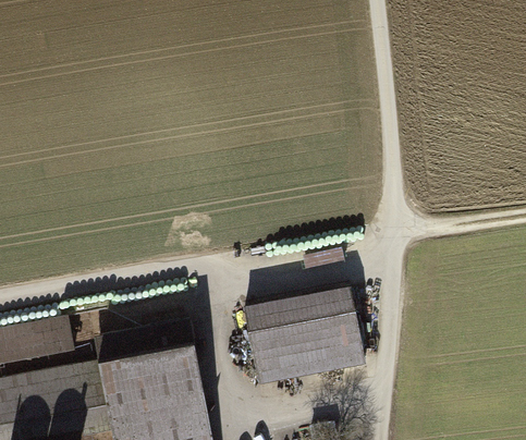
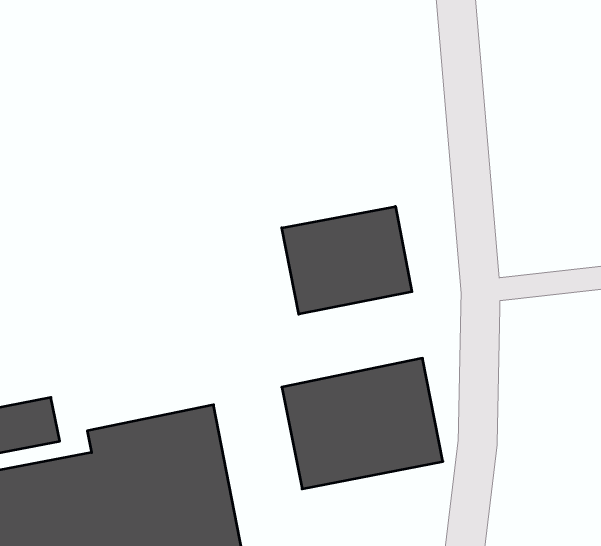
building: none -> [282,206,412,314]

